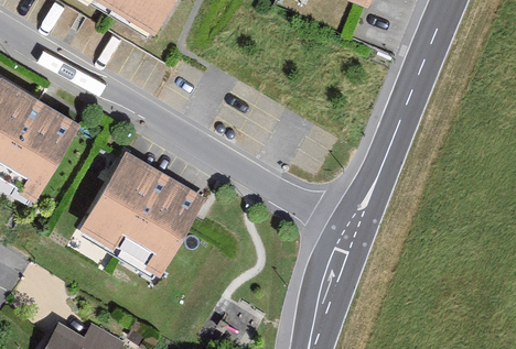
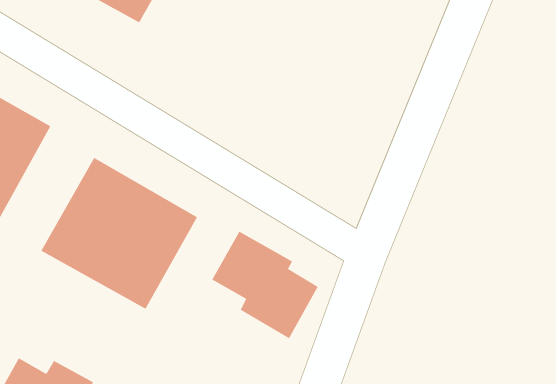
building: none -> [211,231,319,339]

